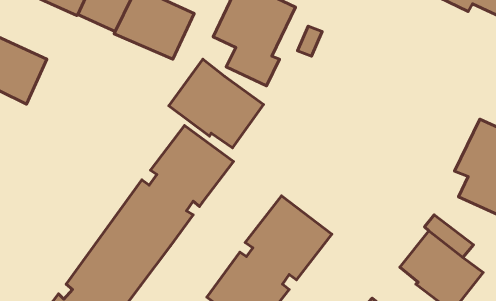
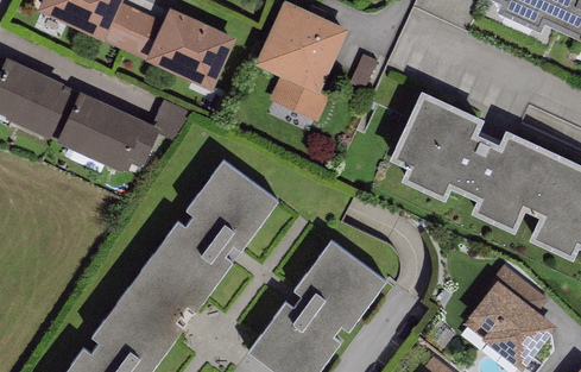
building: [169,59,264,148] -> none
building: none -> [55,90,157,174]
building: none -> [389,93,552,235]

